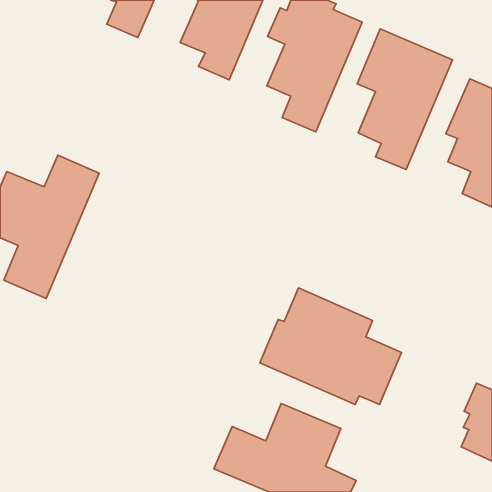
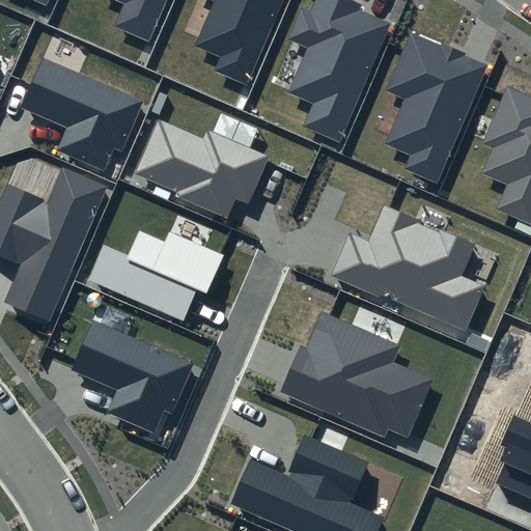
building: none -> [20,56,144,170]
building: none -> [134,119,268,217]
building: none -> [332,204,483,332]
building: none -> [88,230,224,319]
building: none -> [72,319,194,435]

